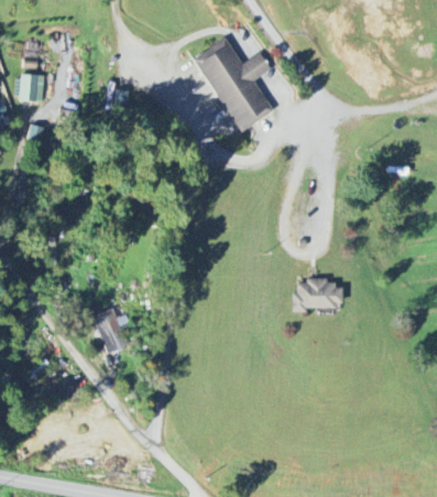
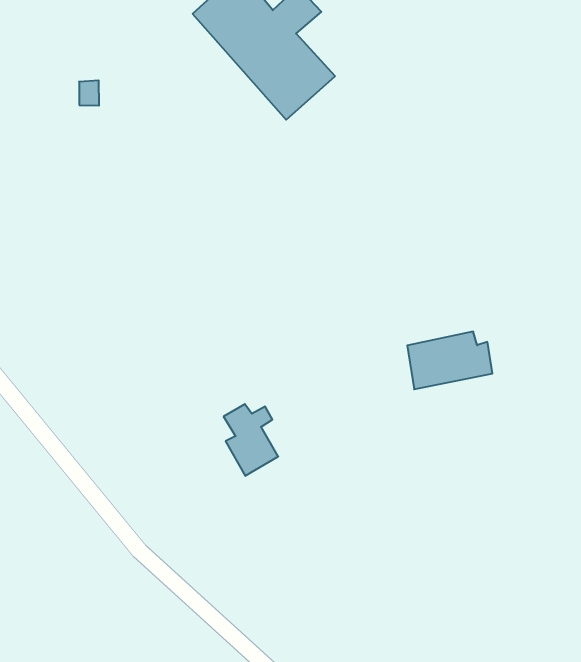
building: [98,309,129,353] -> [224,404,278,476]

